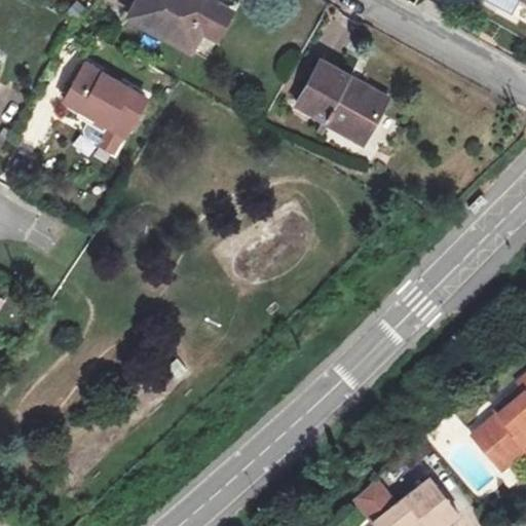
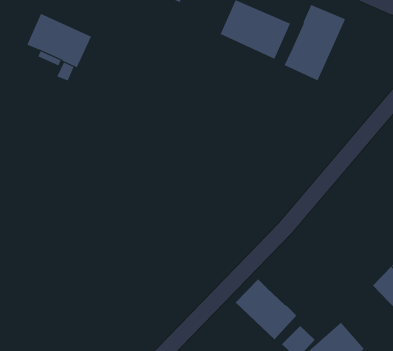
building: none -> [284,4,346,81]
building: none -> [235,278,298,340]

